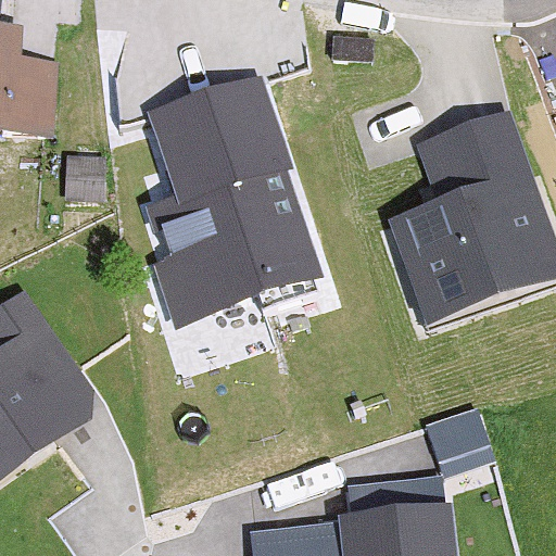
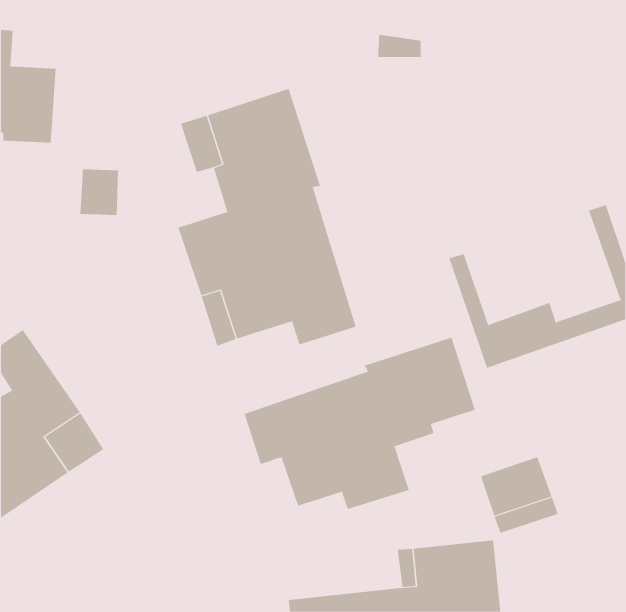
building: [410,122,549,288] -> none
building: none -> [244,337,475,510]

